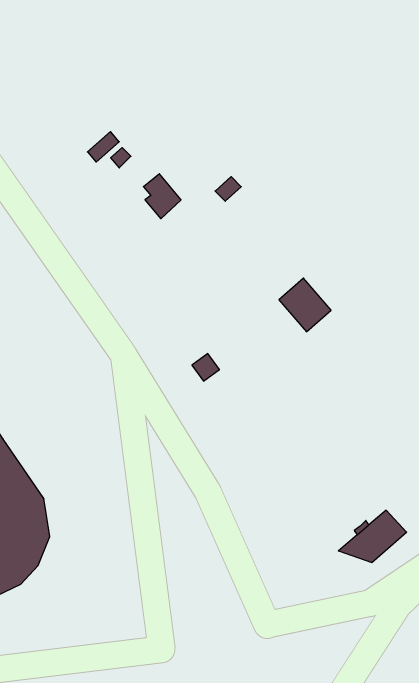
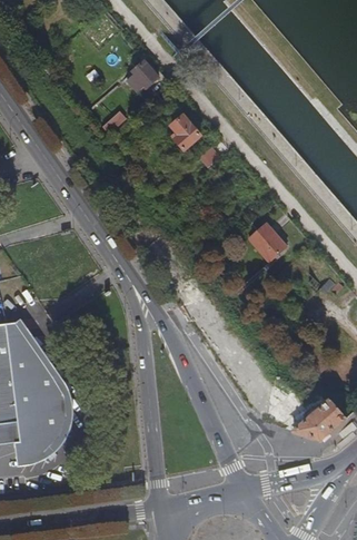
building: none -> [125,60,157,92]
building: [143,174,181,219] -> [170,114,199,148]

